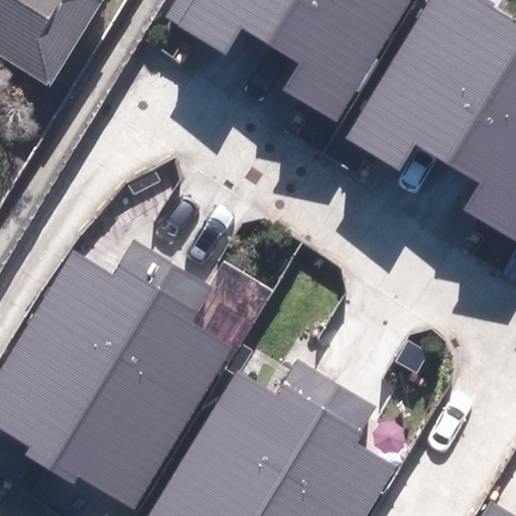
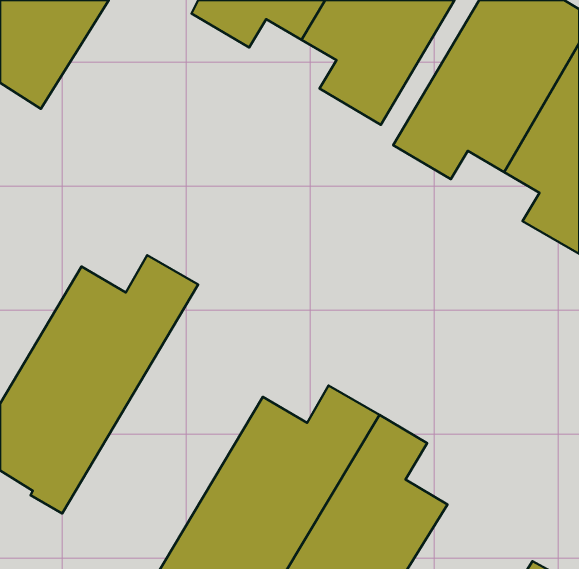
building: [55,262,236,508] -> none

